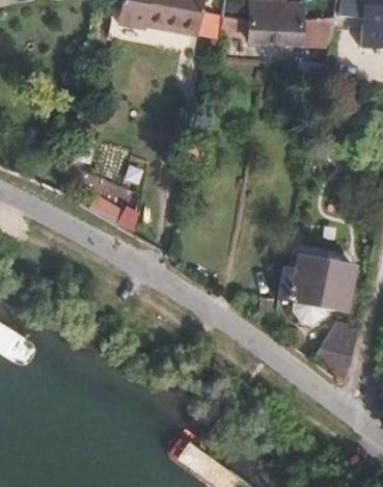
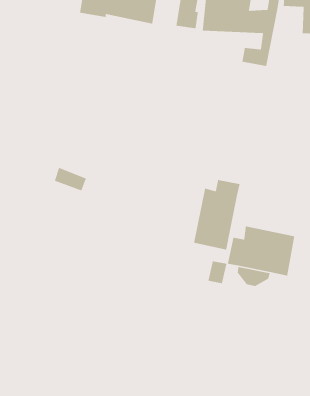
building: none -> [193,179,240,251]
building: [311,322,356,381] -> none

